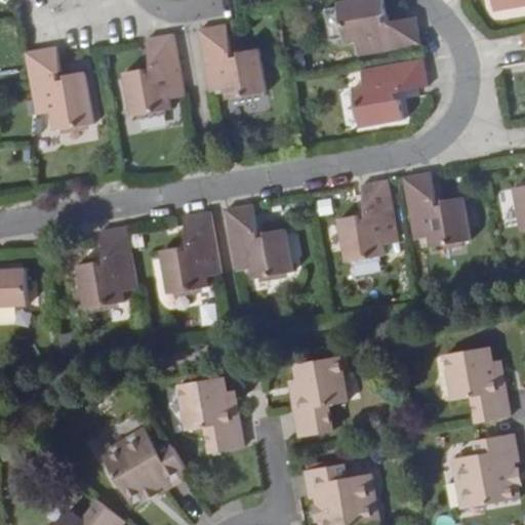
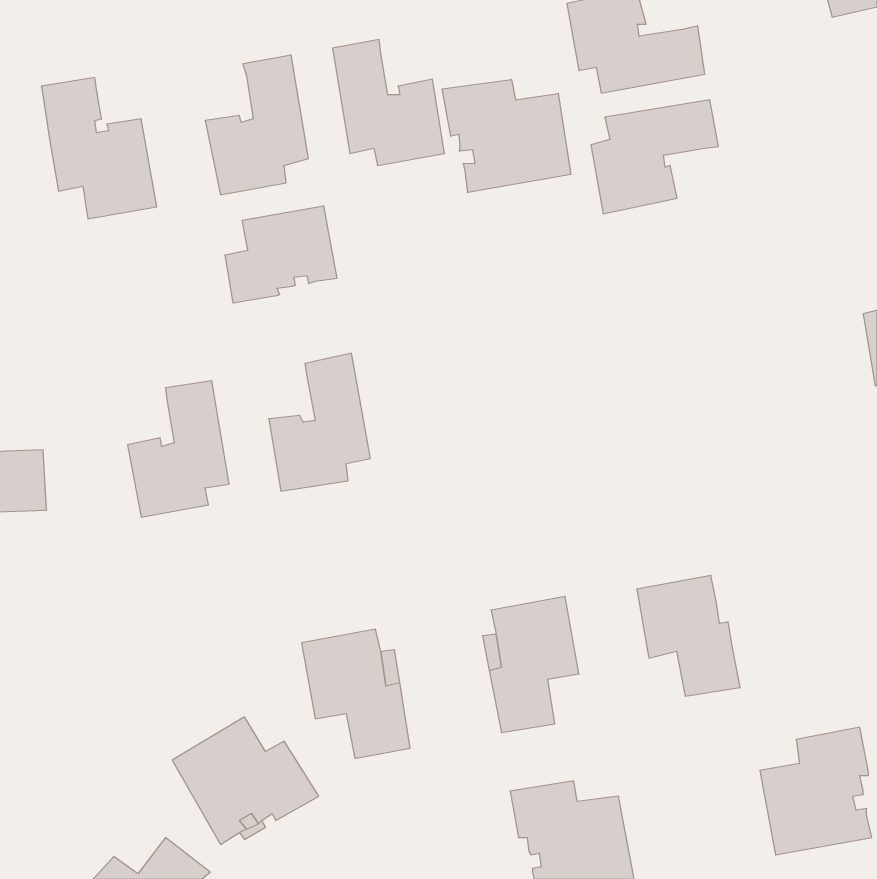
building: none -> [442,79,571,193]
building: none -> [225,206,337,303]
building: [403,171,470,247] -> none
building: [337,178,398,261] -> none
building: [225,204,292,278] -> none
building: [447,350,509,421] -> [637,575,740,696]

